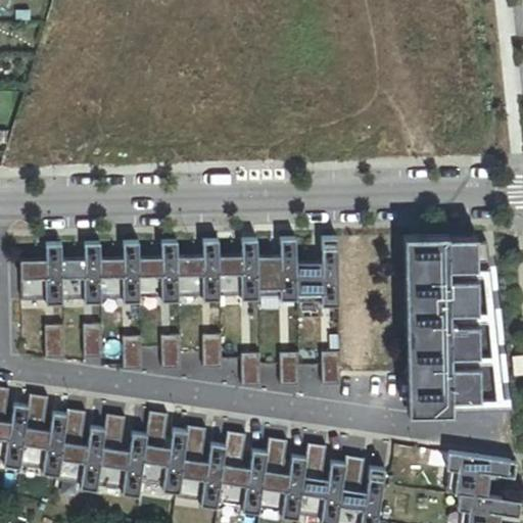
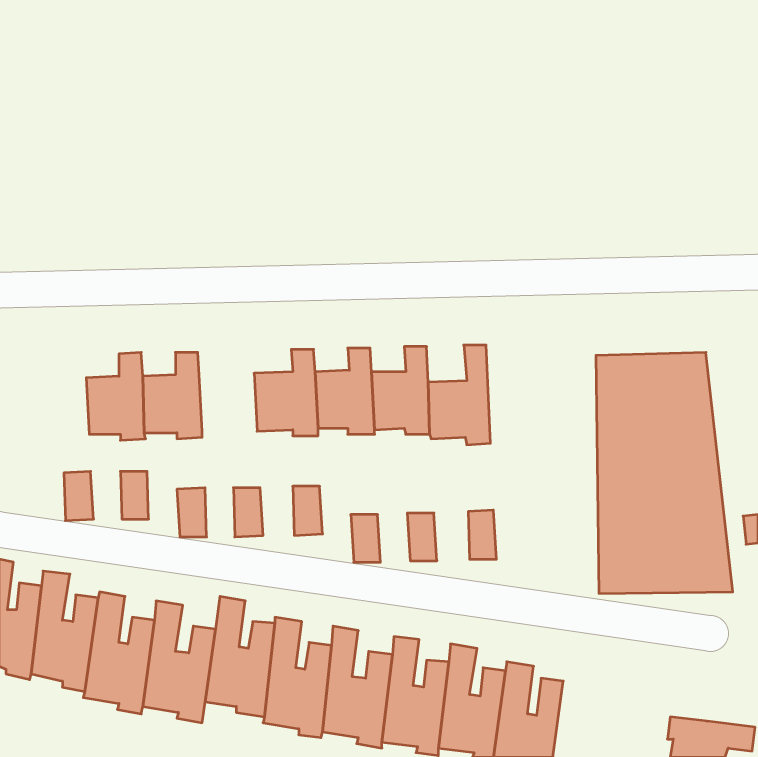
building: [137,241,177,300] -> none
building: [17,243,61,303] -> none
building: [447,450,515,495] -> none

